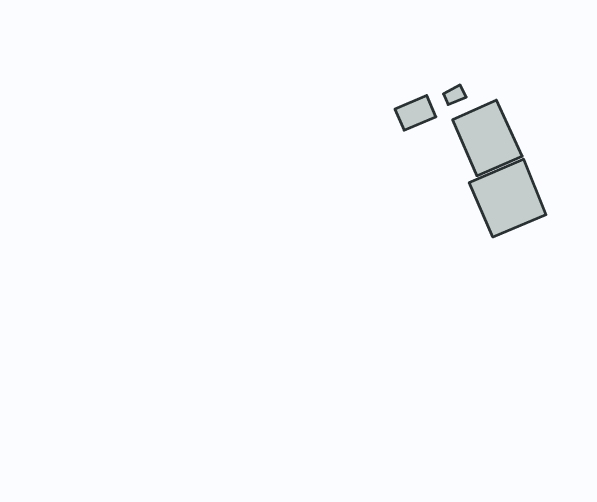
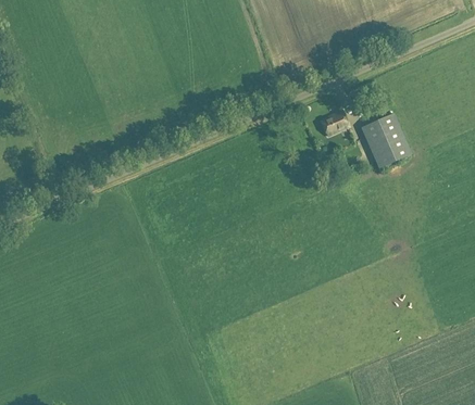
building: [469,159,546,237] -> none

